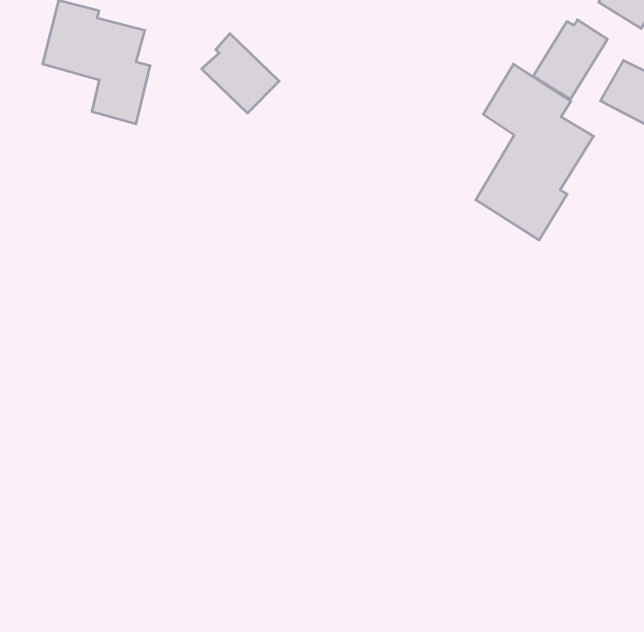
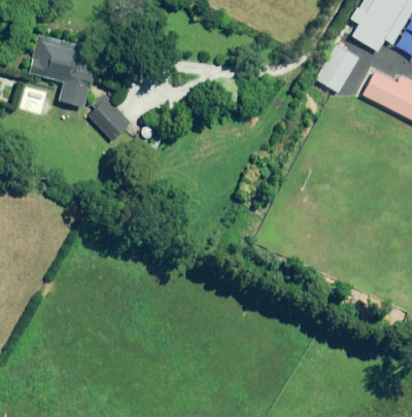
building: [202,34,279,113] -> [88,94,133,140]
building: [476,64,594,240] -> none

